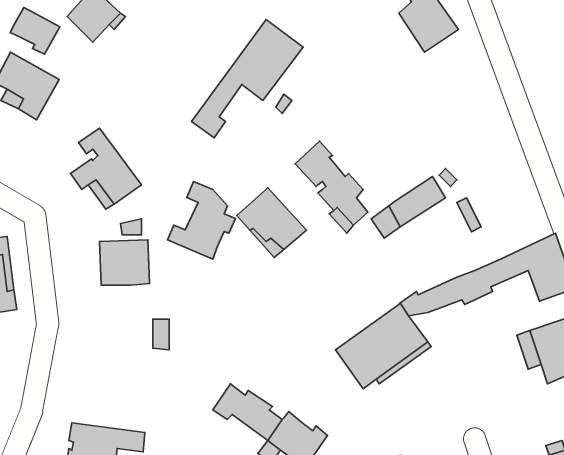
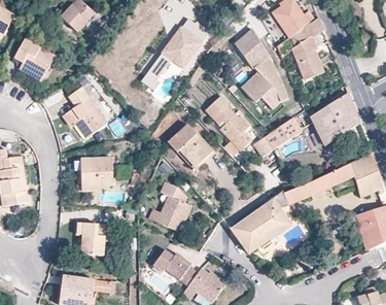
building: [10,8,60,54] -> none
building: none -> [290,18,326,79]
building: none -> [235,28,288,115]
building: none -> [310,93,359,145]
building: [168,181,235,259] -> [148,181,191,231]
building: none -> [75,222,112,255]

